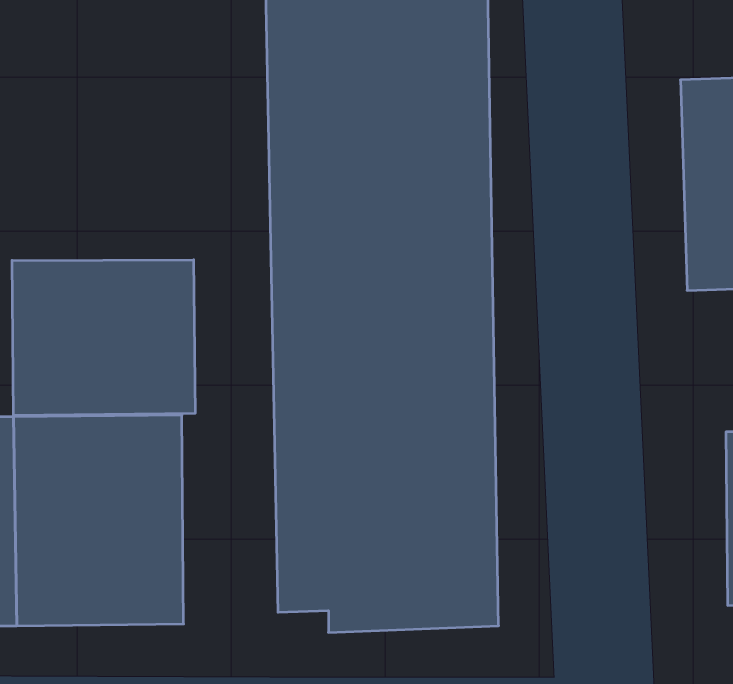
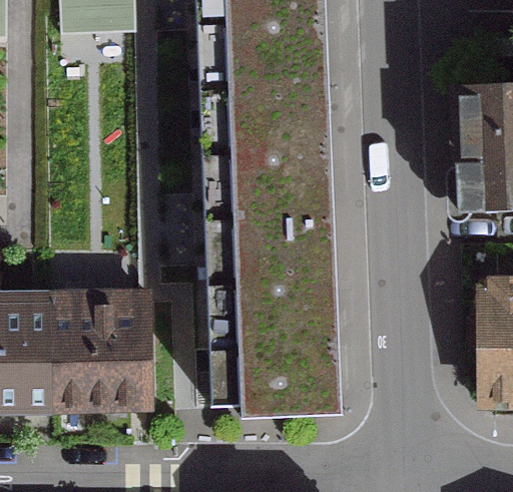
building: [12,260,195,416] -> none

